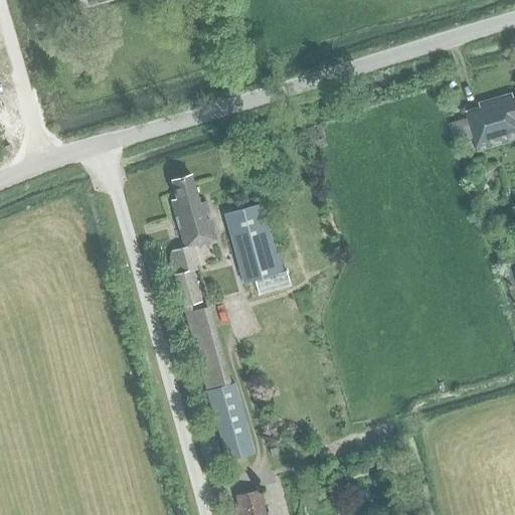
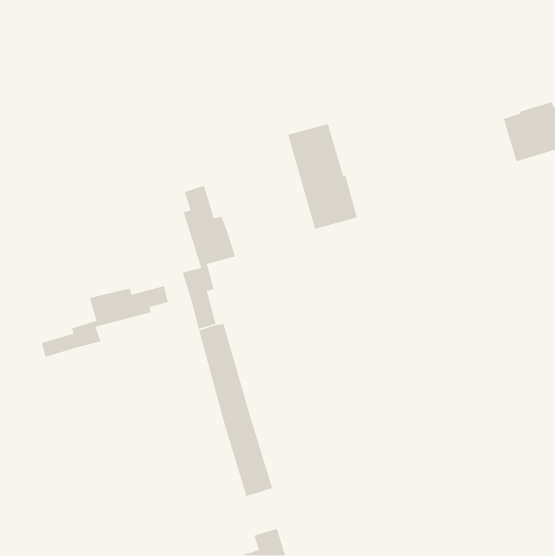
building: [224,203,290,302] -> [287,123,358,230]
building: none -> [41,285,169,358]

